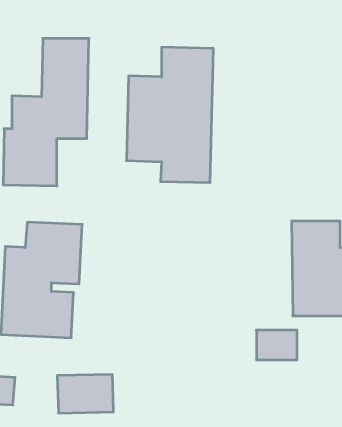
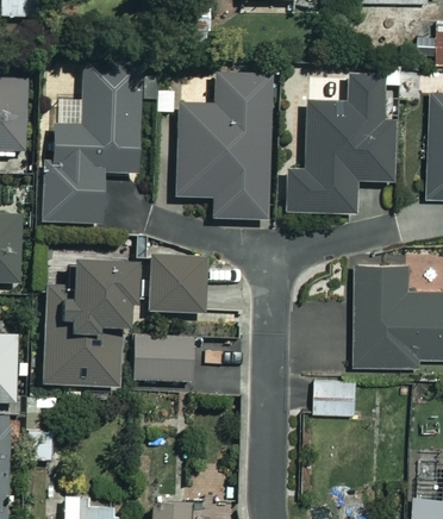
building: none -> [283,75,394,214]
building: none -> [146,257,204,313]
building: [57,375,113,413] -> [133,339,194,381]

